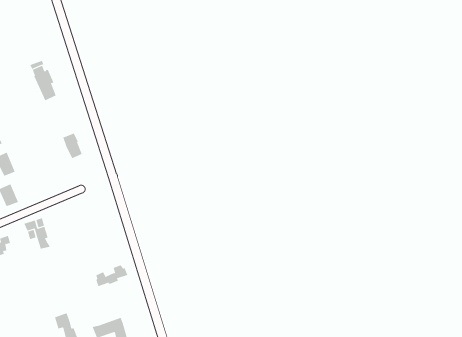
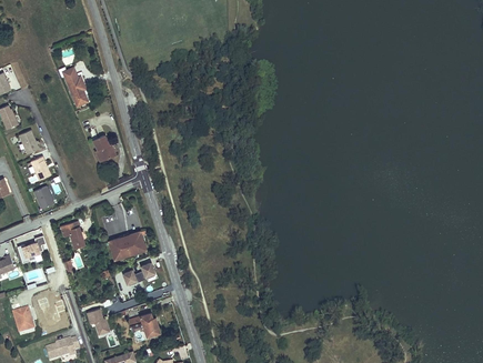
building: none -> [108,230,145,259]

